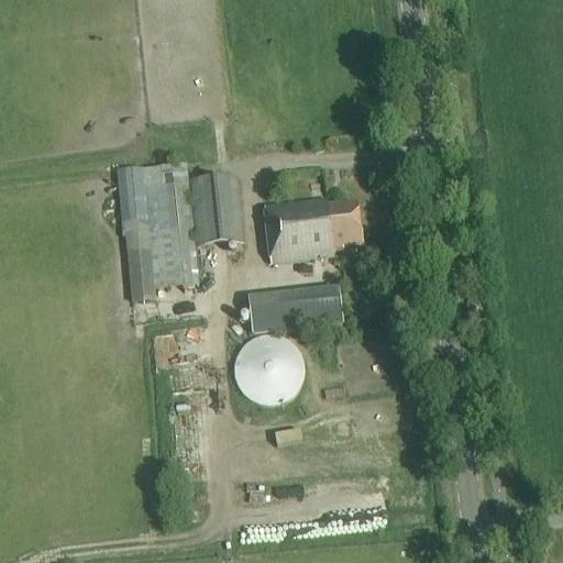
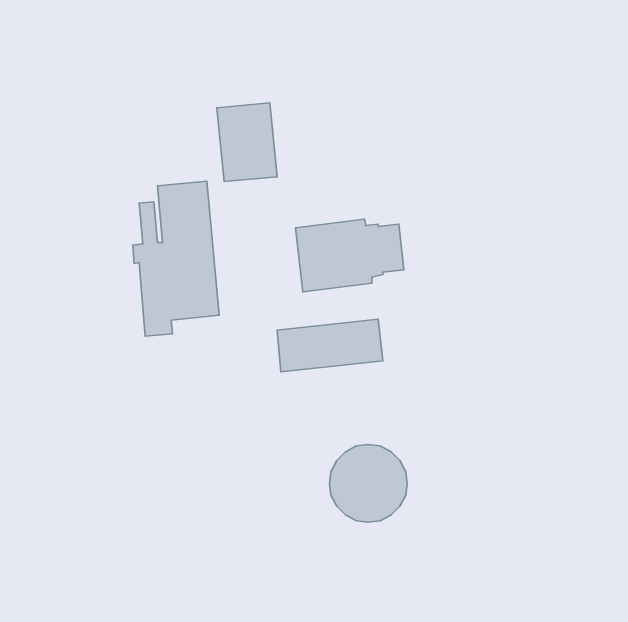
building: [188,173,242,243] -> [217,103,277,182]
building: [233,333,302,402] -> [330,445,407,522]

